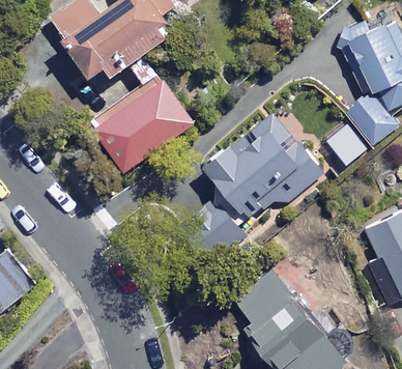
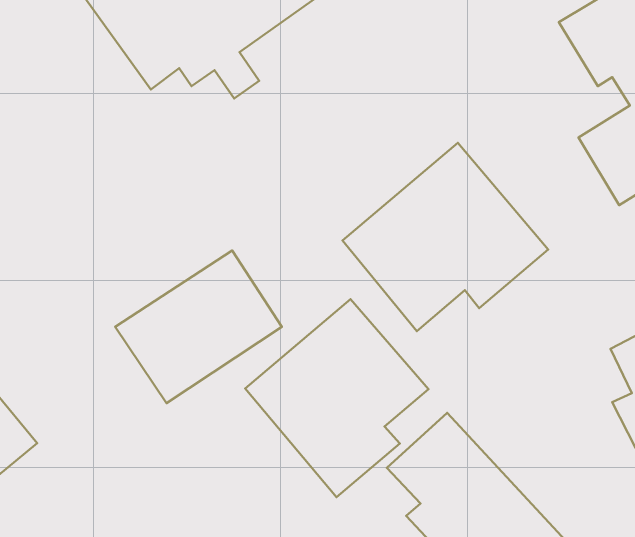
building: [95,80,193,169] -> [115,250,282,403]
building: none -> [245,299,429,497]

